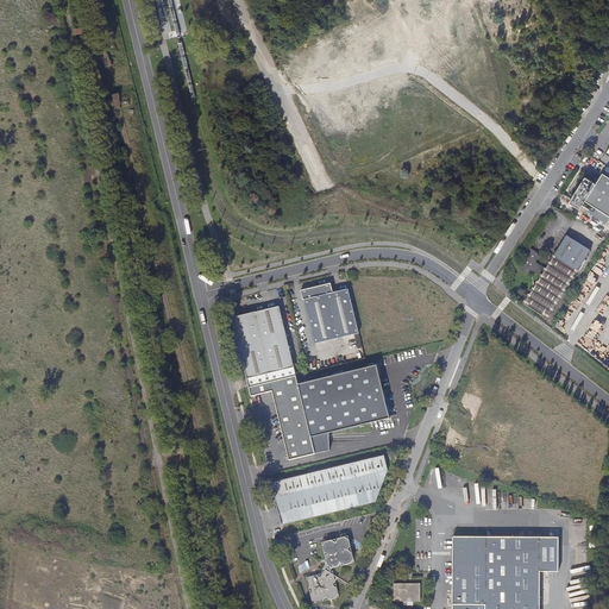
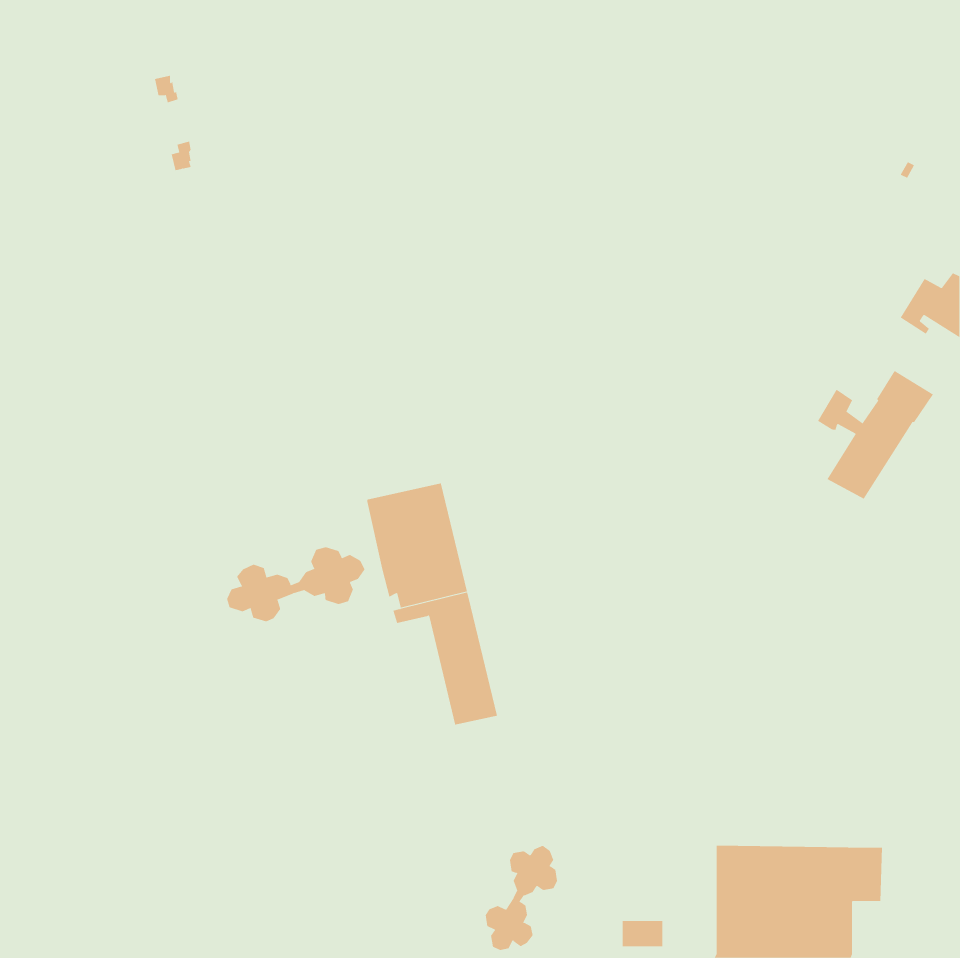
building: [301,282,359,343] -> none
building: none -> [227,546,365,622]
building: [299,365,390,453] -> none
building: [271,456,388,523] -> none

